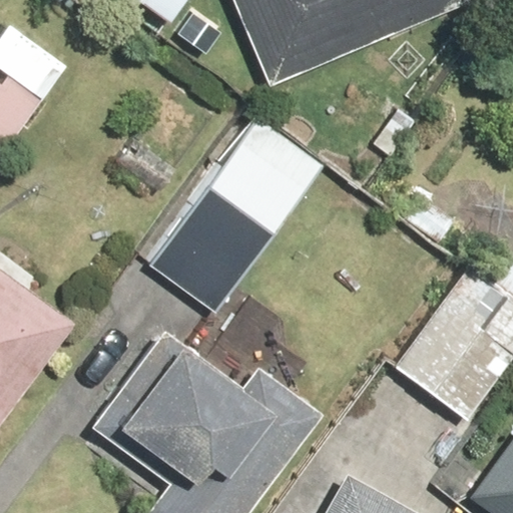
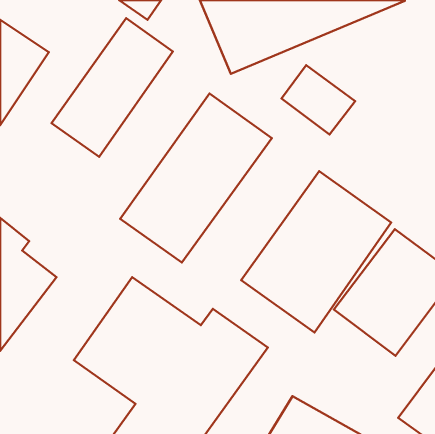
building: none -> [52,18,173,157]
building: none -> [241,171,391,333]

